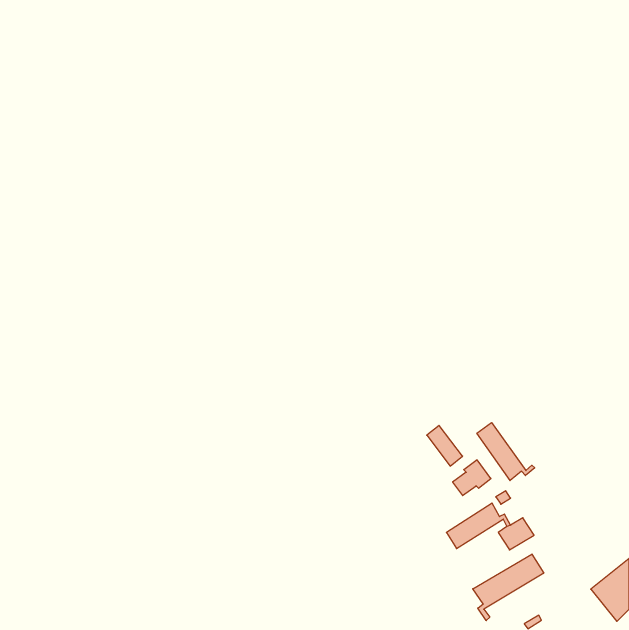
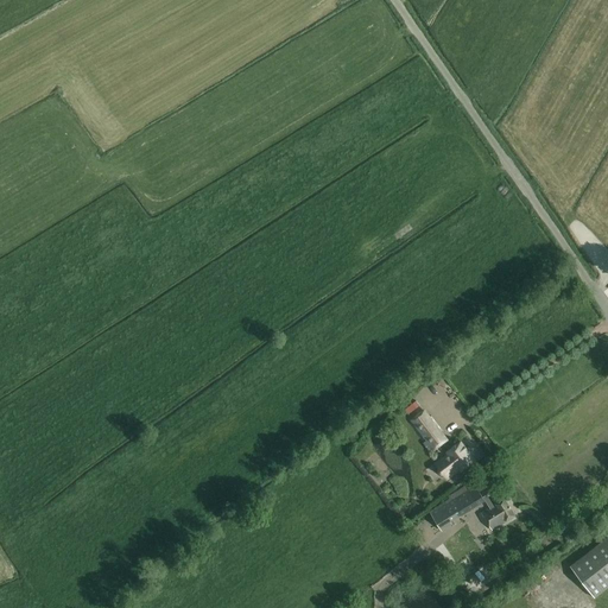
building: [477,423,535,481] -> none
building: [473,554,544,621] -> none

